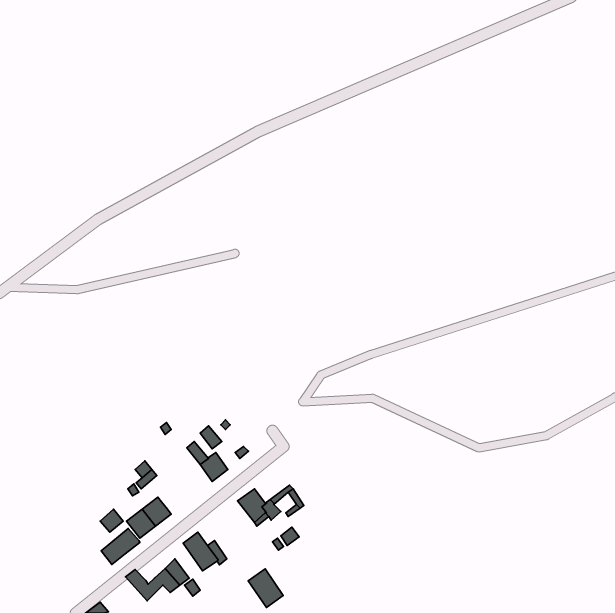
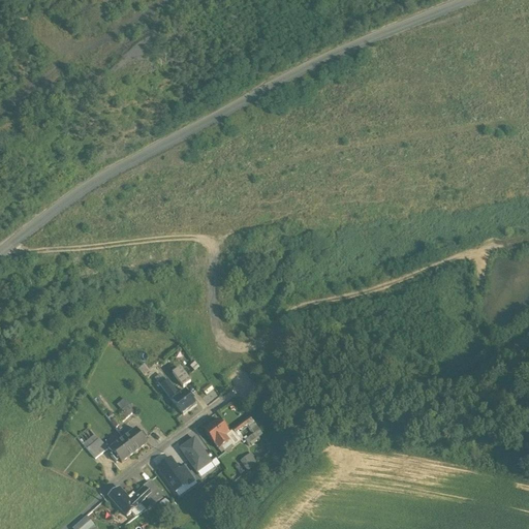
building: [101,528,140,565] -> none
building: [248,569,283,607] -> [180,437,210,470]

